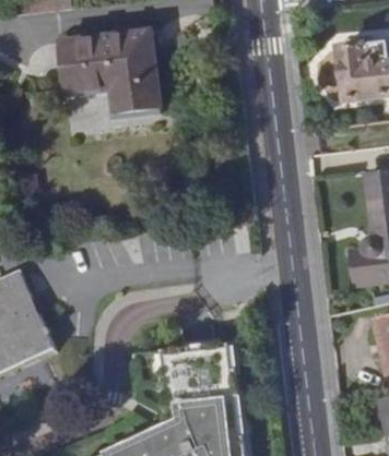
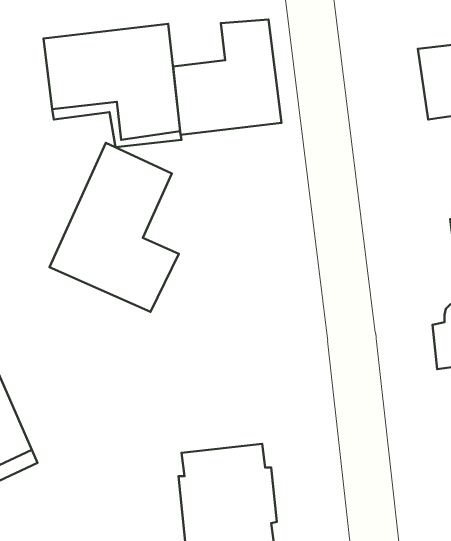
building: none -> [173,20,281,135]
building: none -> [49,143,179,312]

